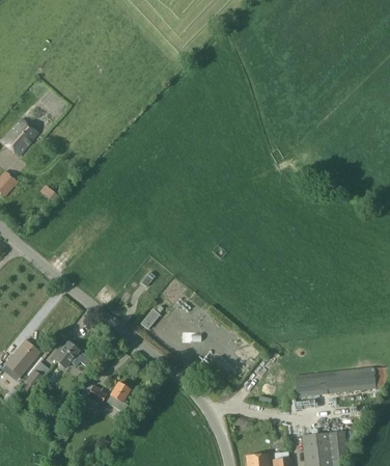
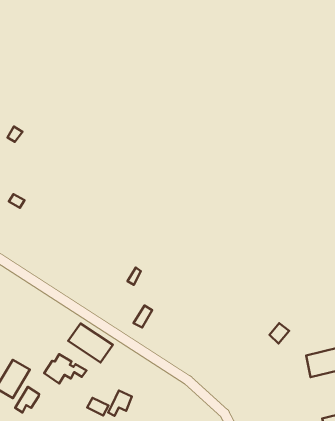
building: none -> [68,323,113,362]

